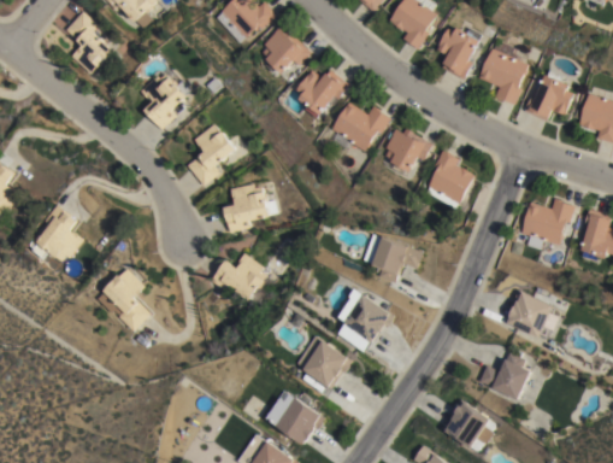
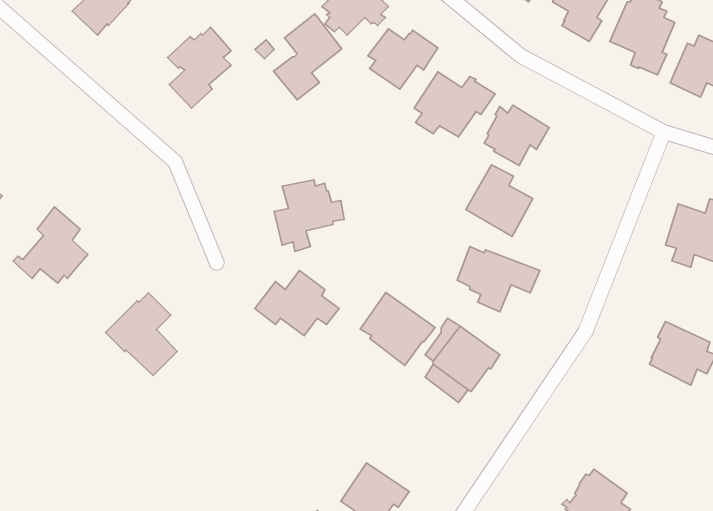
building: [188,122,240,187] -> [273,14,342,100]
building: [423,150,473,204] -> [466,165,533,237]
building: [296,335,353,391] -> [360,292,435,366]
building: [479,351,532,402] -> none

